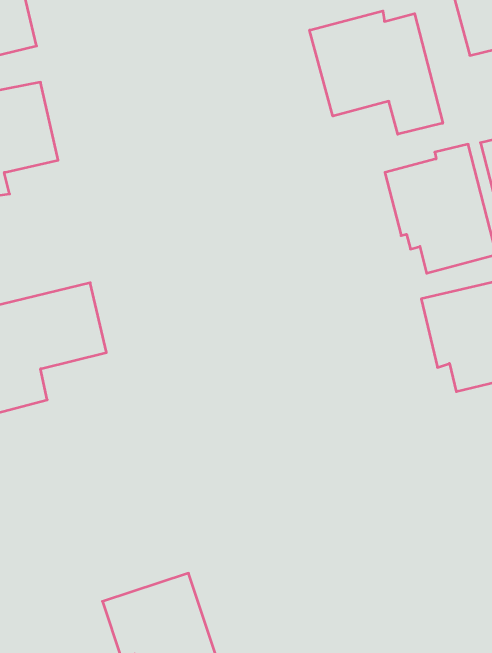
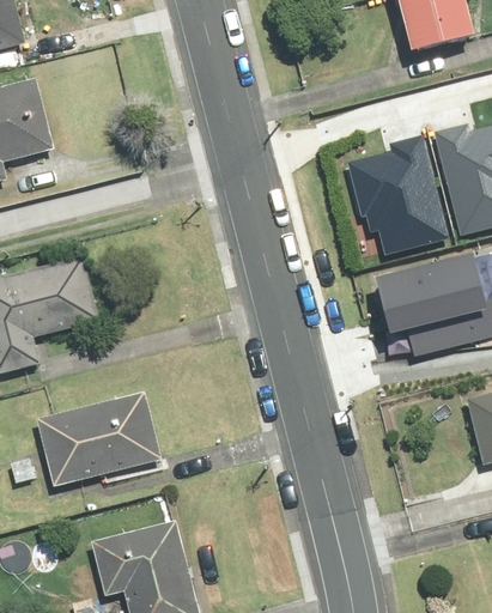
building: [310,11,443,134] -> none
building: none -> [37,397,163,485]

